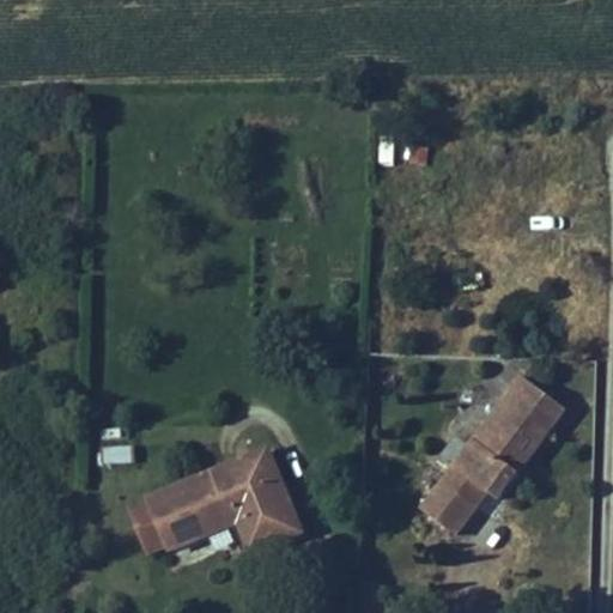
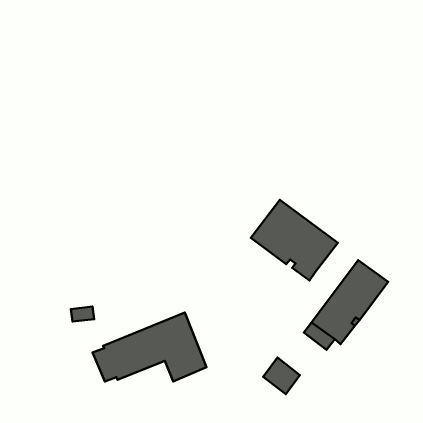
building: none -> [251,200,338,280]
building: [420,479,473,532] -> [263,358,300,394]

